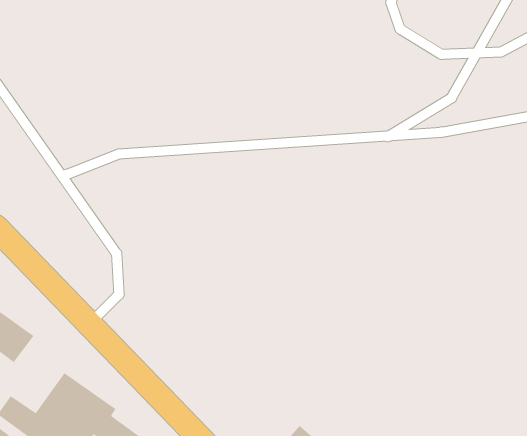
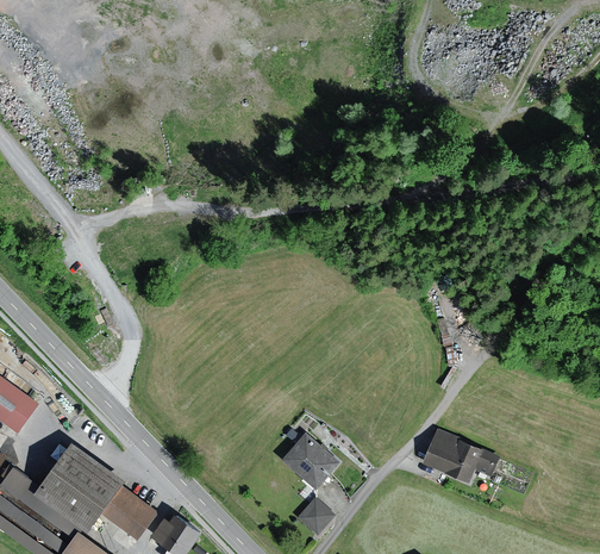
building: none -> [280,431,339,490]
building: none -> [424,432,499,483]

